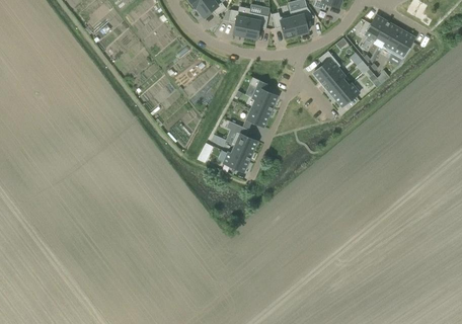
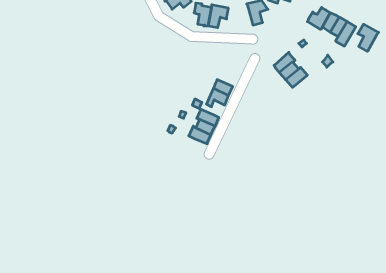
building: [271,11,296,37] -> none
building: none -> [358,24,379,51]
building: [313,50,339,81] -> none
building: [248,76,277,105] -> none

